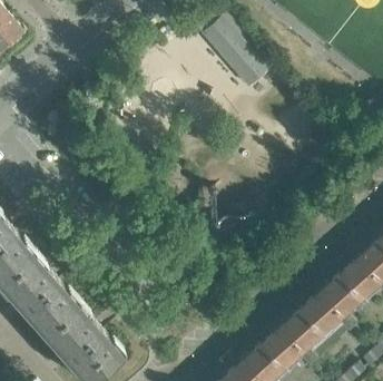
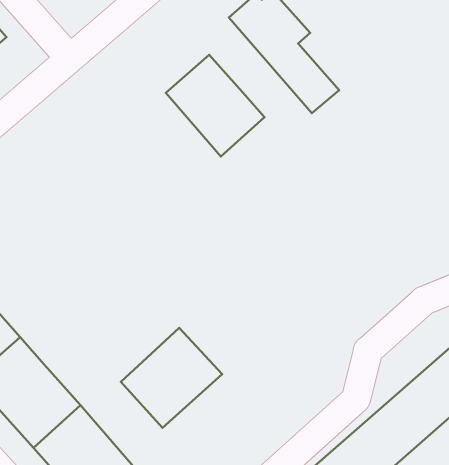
building: none -> [166,55,264,156]
building: none -> [121,328,222,428]

